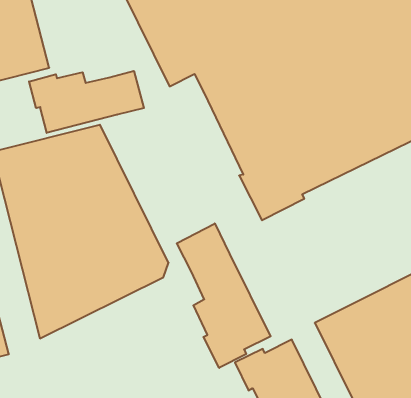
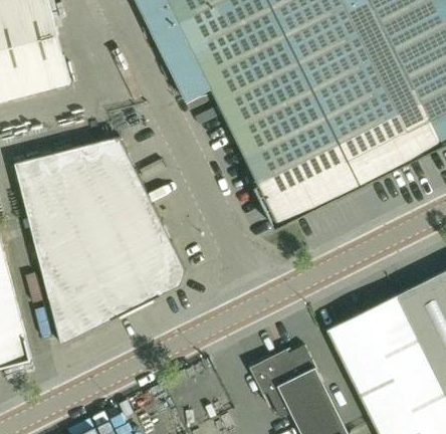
building: [29,71,144,133] -> none
building: [177,223,271,368] -> none

